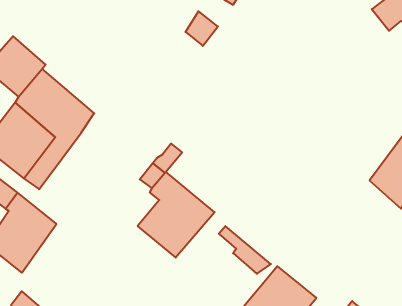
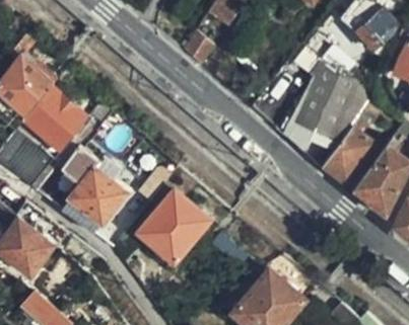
building: none -> [290,43,368,143]
building: none -> [323,130,374,183]
building: none -> [60,147,123,234]

